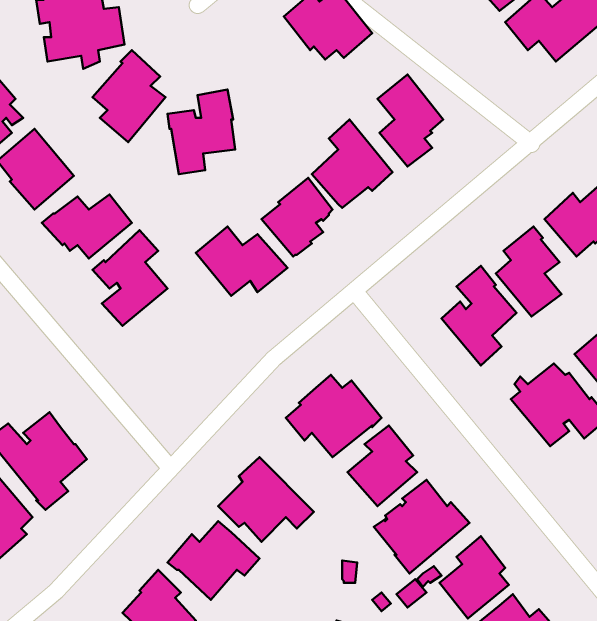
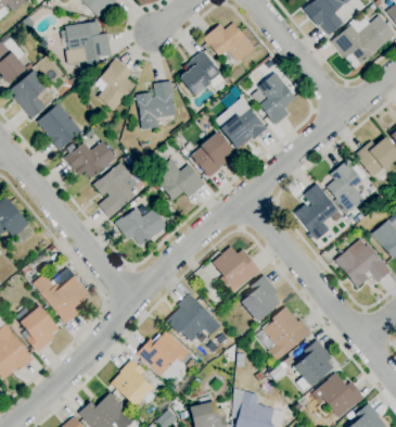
building: none -> [180,51,225,98]
building: none -> [115,209,168,246]

